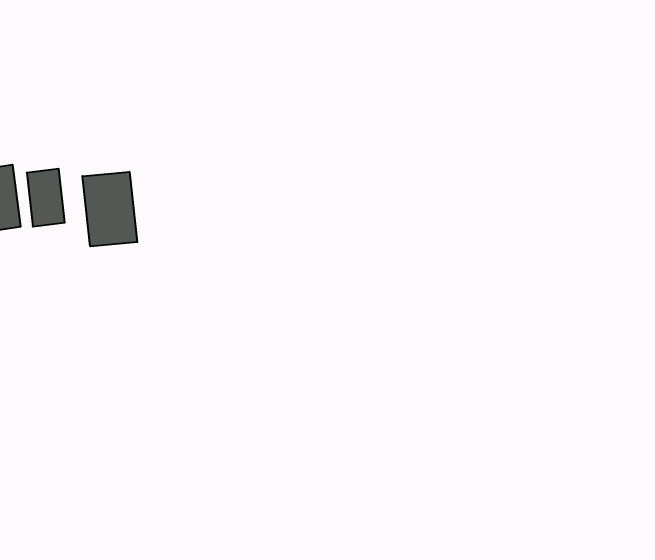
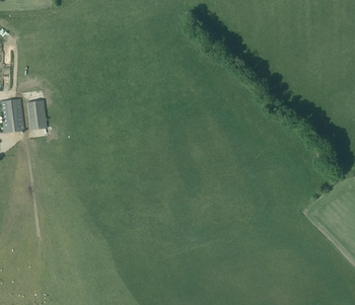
building: [82,172,137,246] -> none

